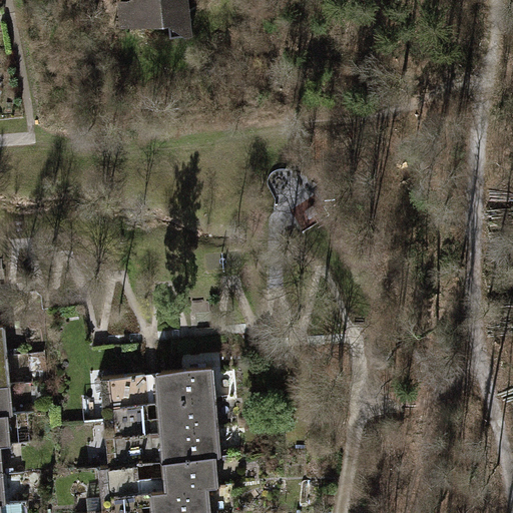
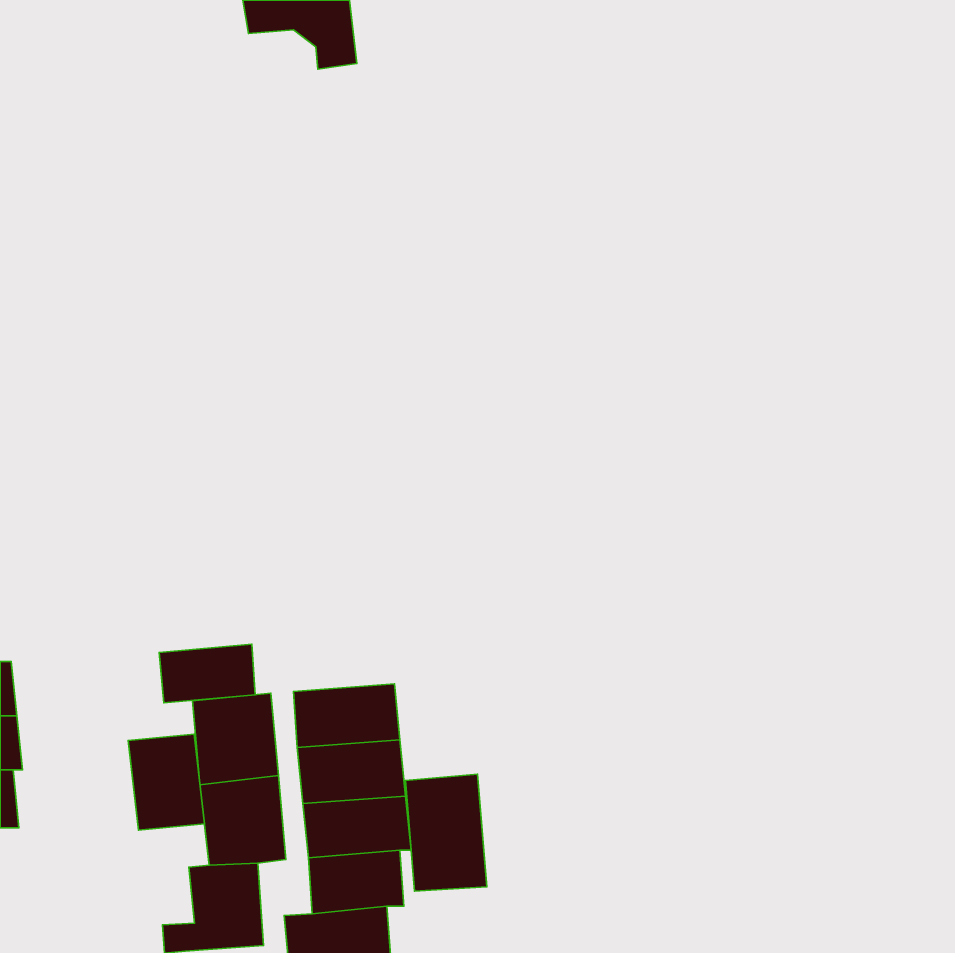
building: none -> [159,644,255,703]
building: none -> [128,734,205,830]
building: none -> [406,774,487,891]

